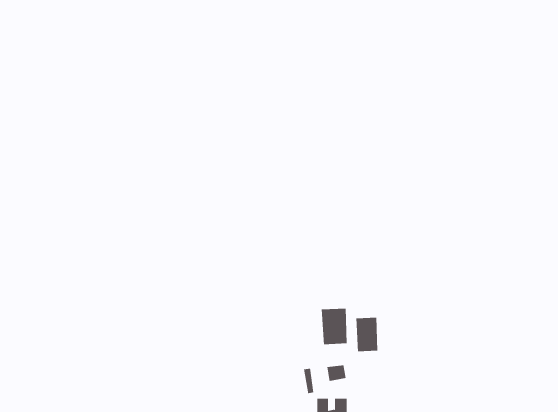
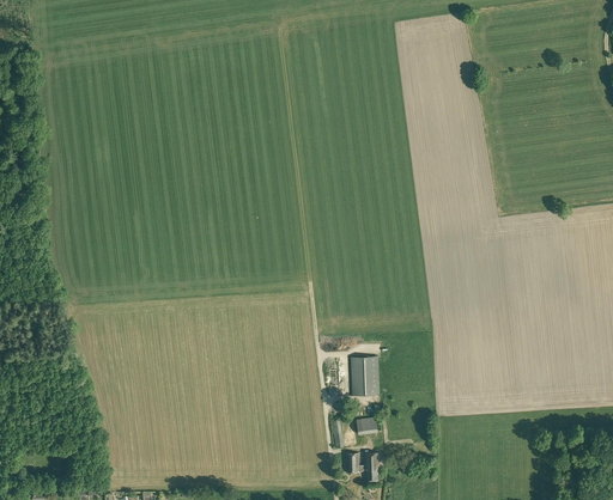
building: [356,317,378,352] -> none

